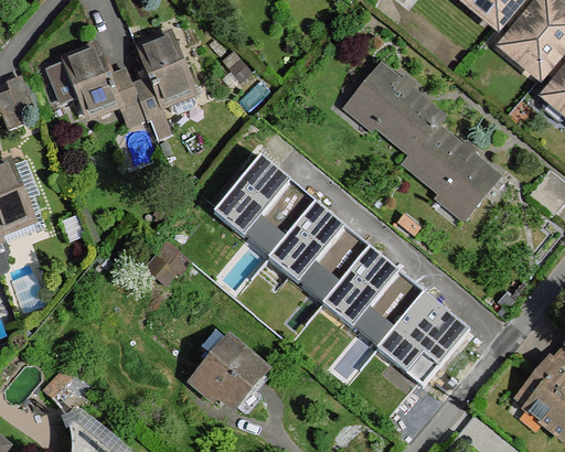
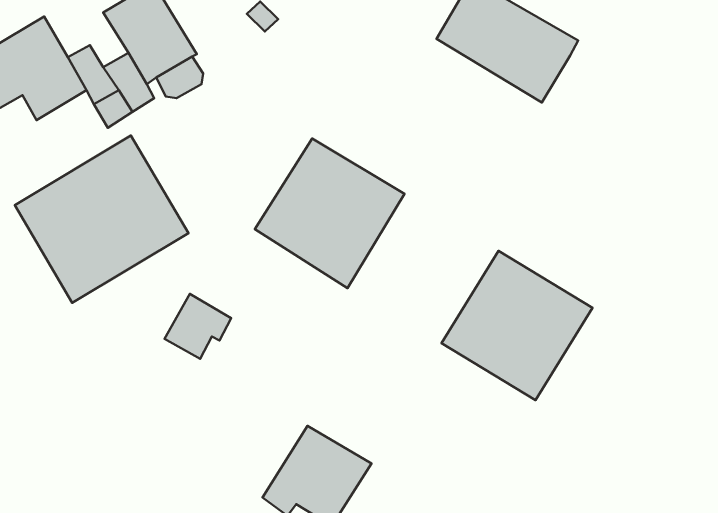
building: [405,126,497,214] -> none
building: none -> [15,135,188,303]
building: [267,198,369,299] -> none
building: [377,291,472,387] -> none

